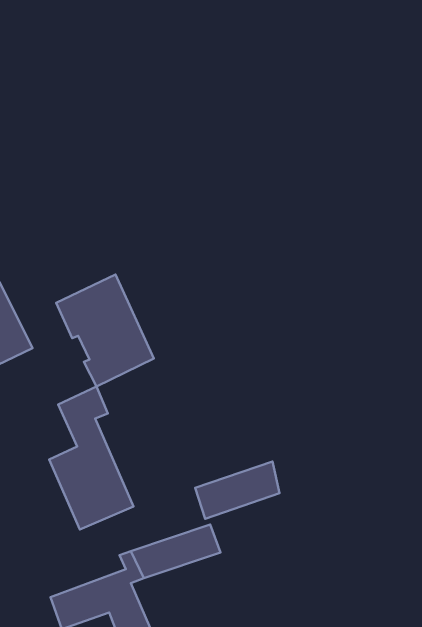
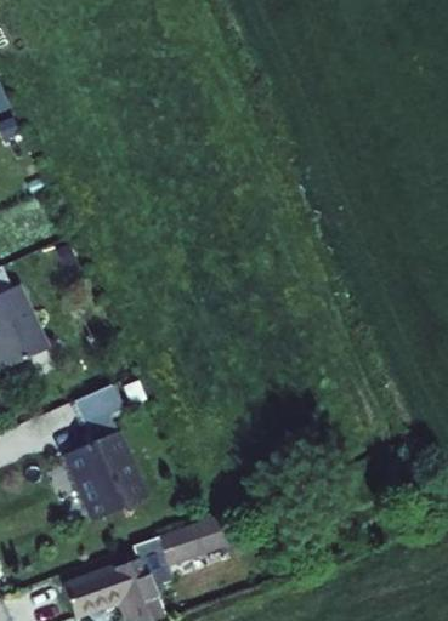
building: [56,275,154,387] -> none
building: [195,462,280,519] -> none

